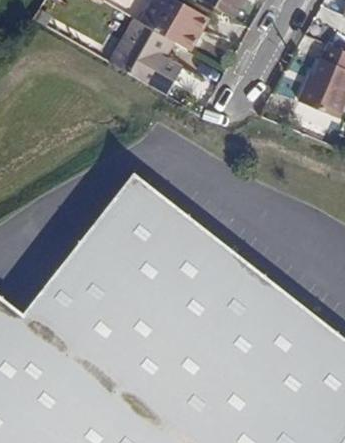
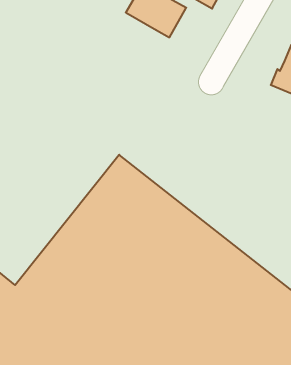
building: [110,19,175,84] -> none

